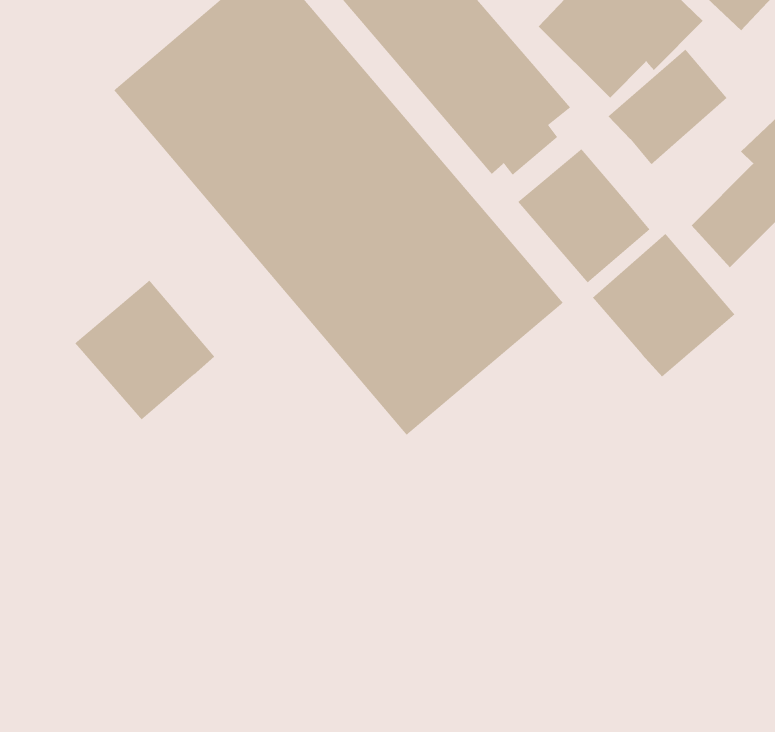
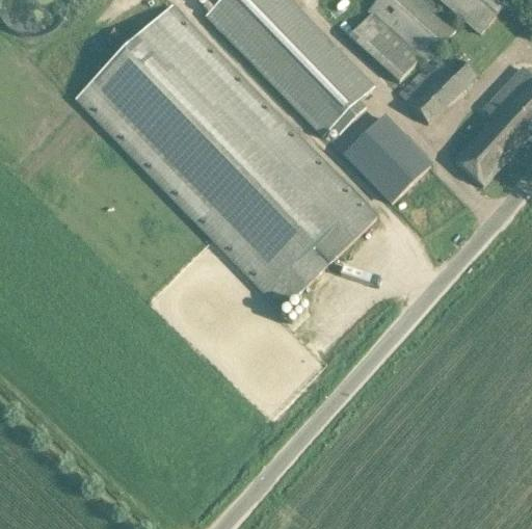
building: [592,233,735,378] -> none
building: [74,279,215,420] -> none

